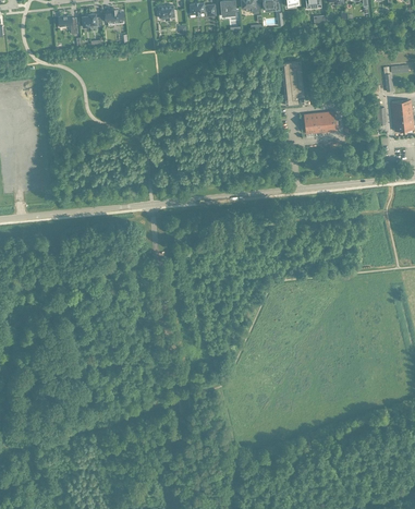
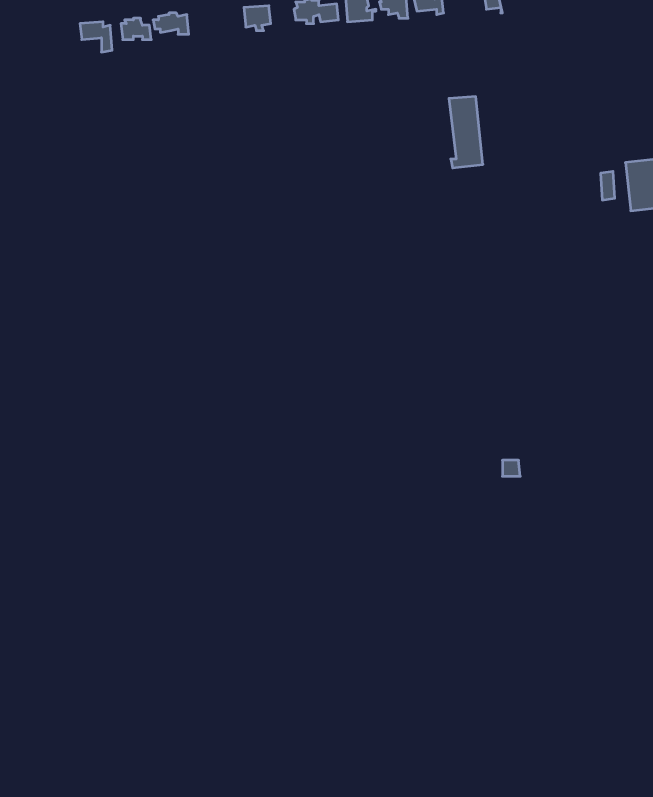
building: [305,111,335,133] -> none

